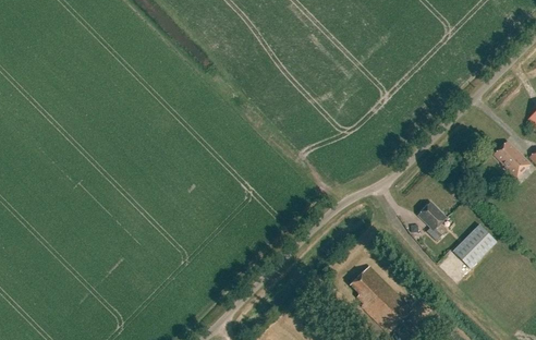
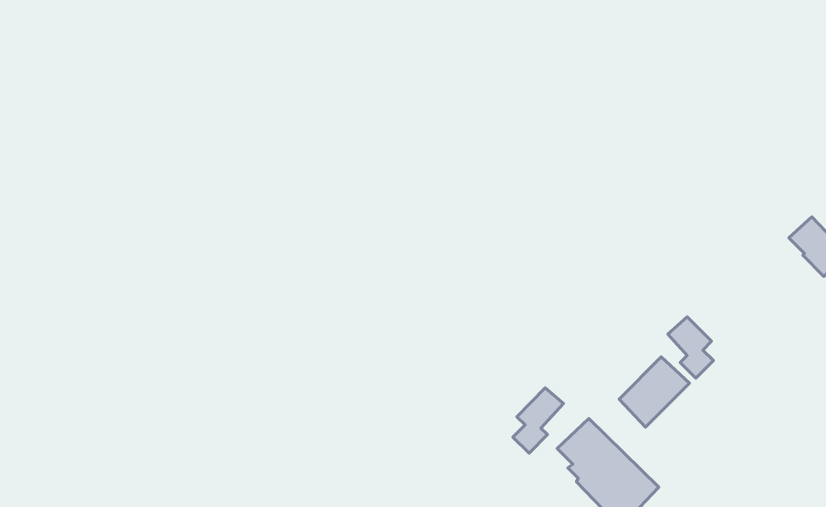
building: [453,224,497,268] -> [619,357,689,427]
building: none -> [513,388,563,453]

